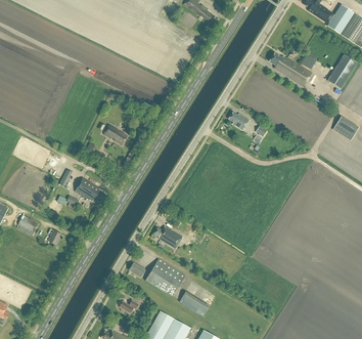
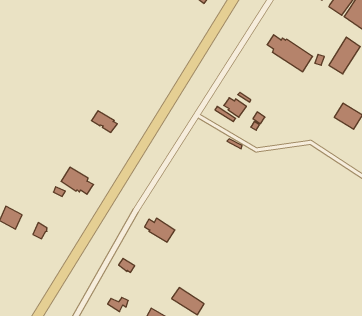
building: [145,259,185,297] -> none

